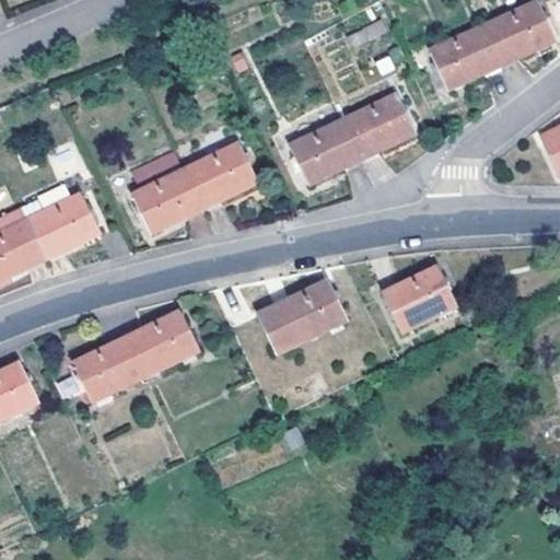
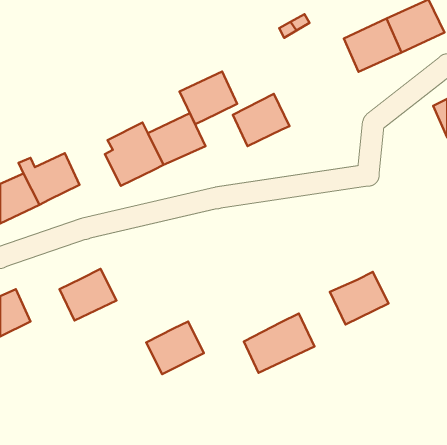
building: [342,92,415,158] -> [179,71,237,124]
building: [383,265,456,330] -> [330,272,389,324]
building: [258,278,347,352] -> [244,313,315,373]
building: [126,310,198,375] -> [146,322,204,374]

